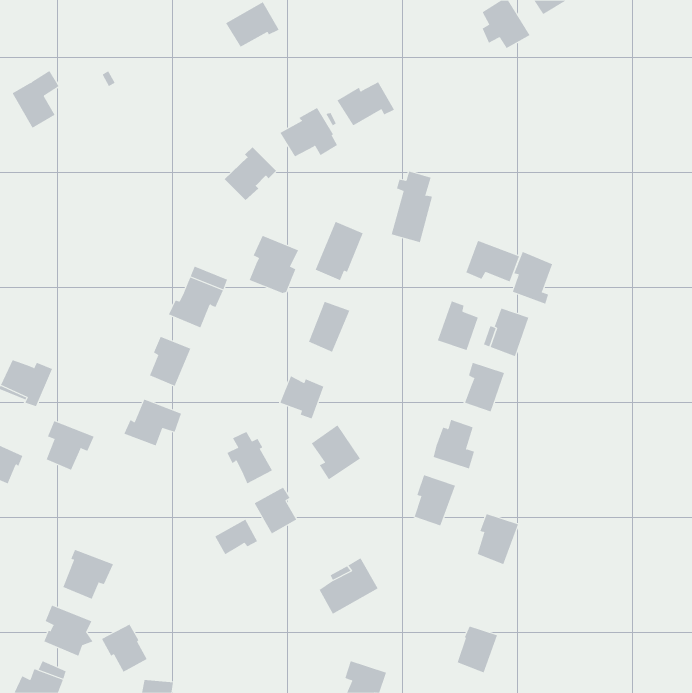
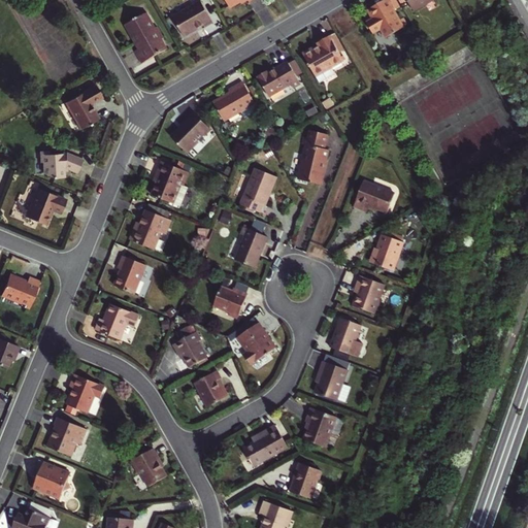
building: none -> [125,12,166,63]
building: none -> [303,35,343,81]
building: [12,70,59,128] -> [65,85,101,129]
building: none -> [38,152,81,177]
building: [249,235,299,294] -> [151,161,189,205]
building: none -> [25,188,65,225]
building: [512,251,553,305] -> none
building: [437,301,479,351] -> none
building: [46,420,95,471] -> [67,374,104,412]
building: [477,513,519,565] -> [303,408,335,448]
building: [214,519,258,555] -> none
building: [101,624,147,673] -> [131,449,166,486]
building: [457,626,498,673] -> [290,463,321,499]

